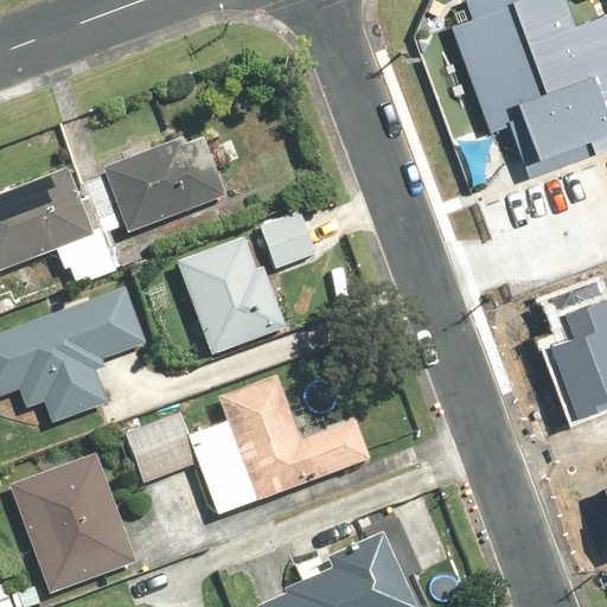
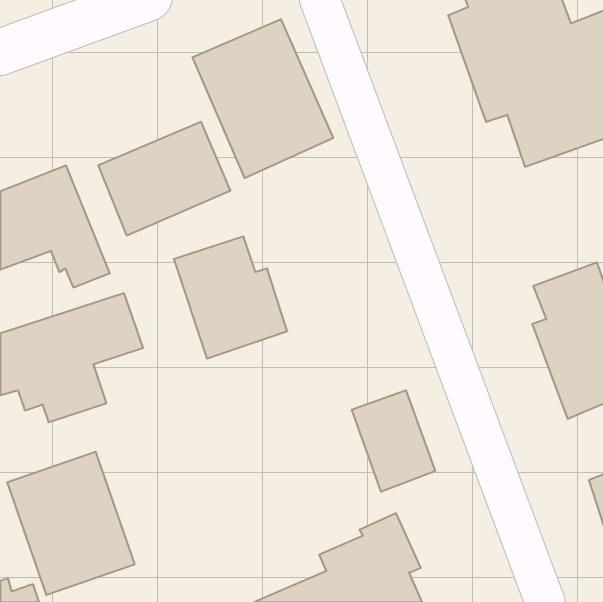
building: none -> [193,19,333,178]
building: [260,213,315,271] -> none
building: [124,375,369,515] -> none
building: none -> [352,390,435,492]

